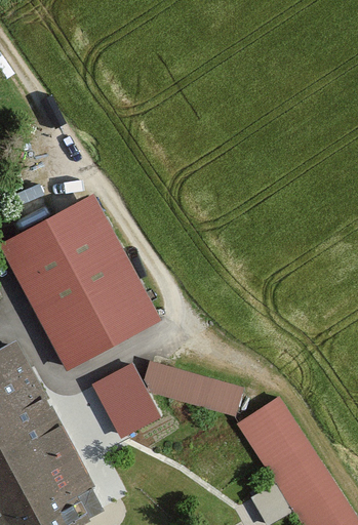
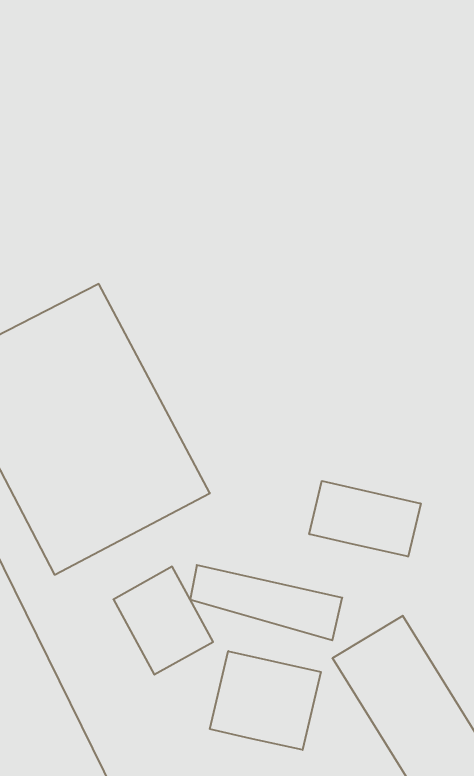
building: none -> [309,481,421,557]
building: none -> [210,651,321,750]

